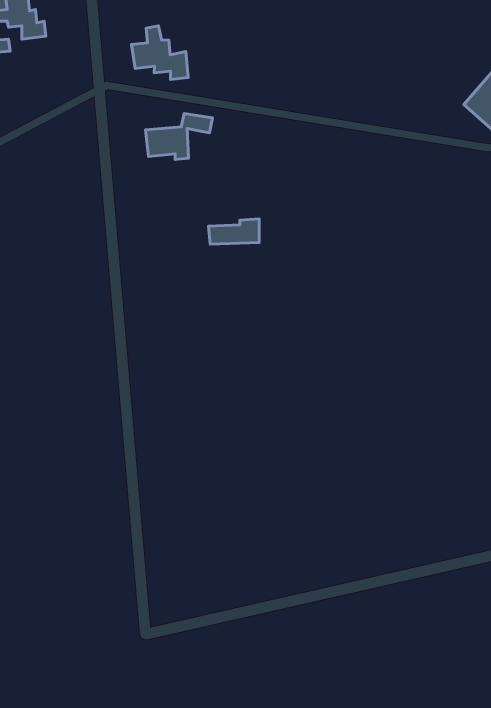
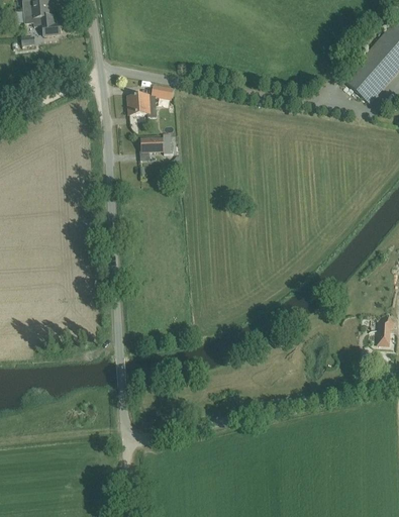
building: [132,26,188,79] -> none
building: [209,219,259,244] -> [141,133,176,150]

